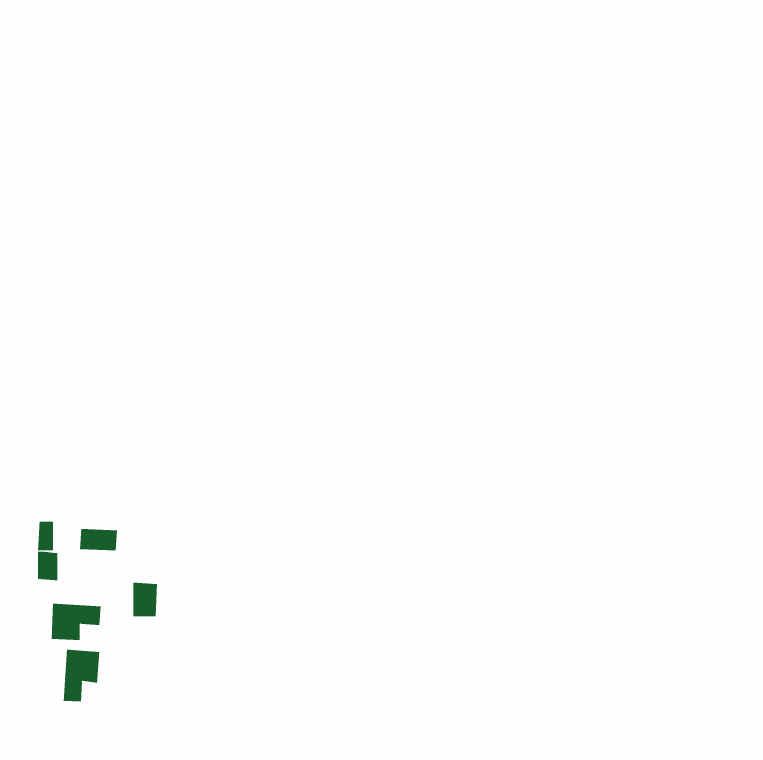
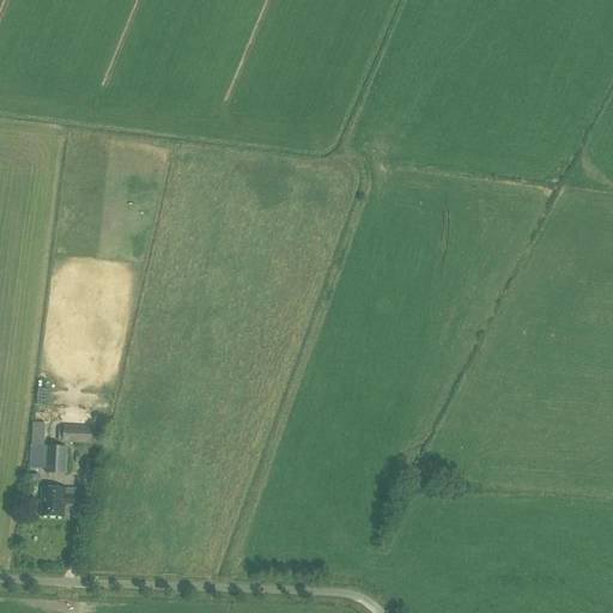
building: [133,582,158,617] -> [47,443,67,471]
building: [63,649,100,702] -> none

